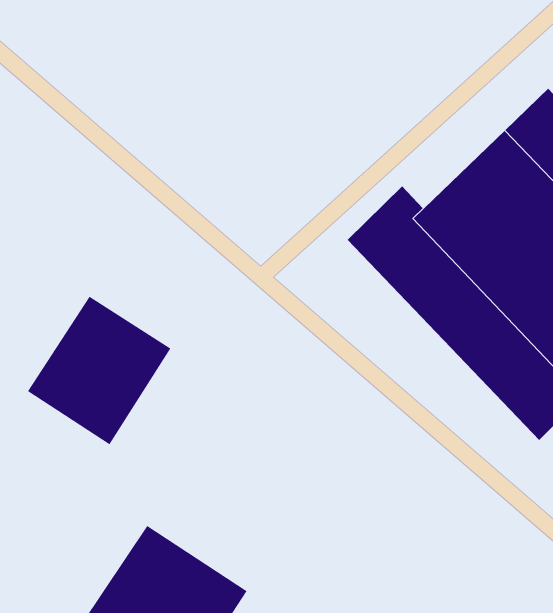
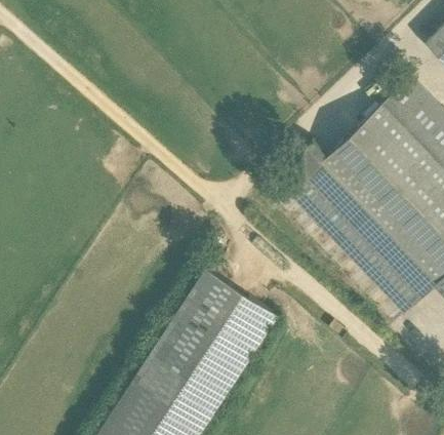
building: [27,296,171,445] -> none
building: none -> [139,269,276,419]

